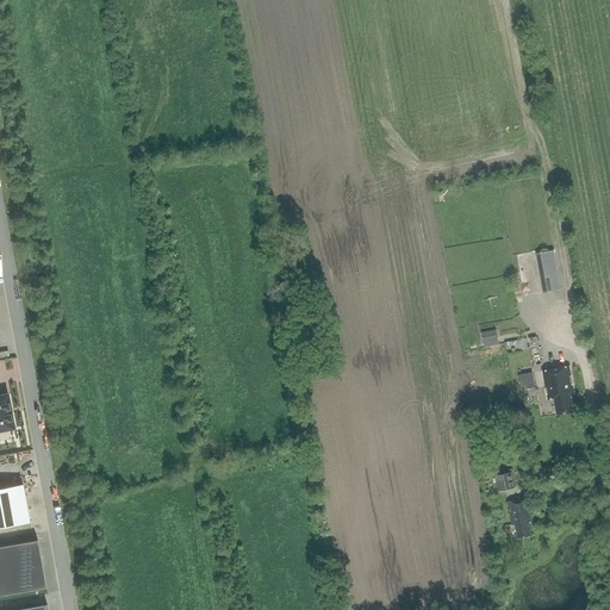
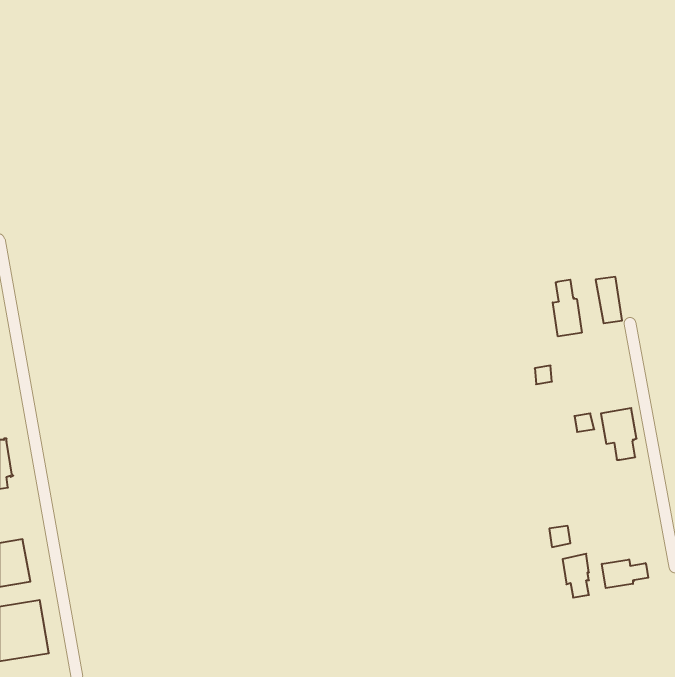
building: none -> [553,280,582,336]
building: none -> [602,559,648,588]

